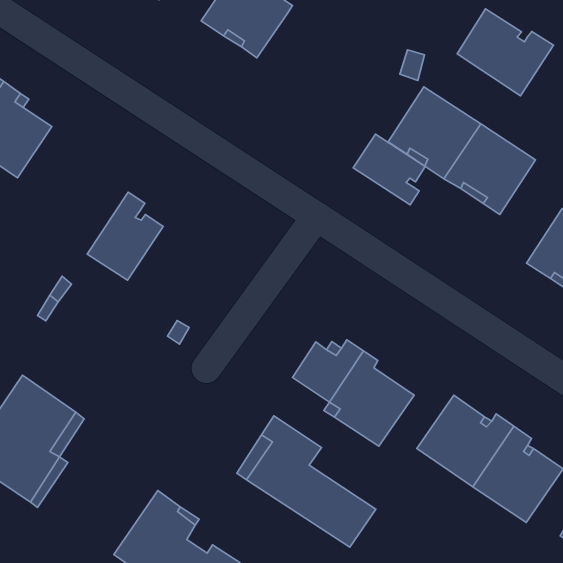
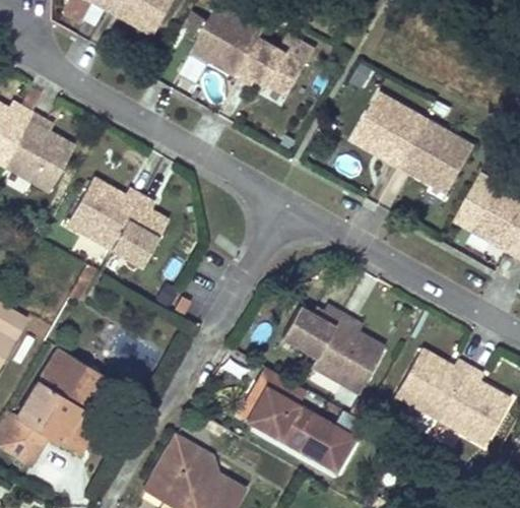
building: [457,9,553,96] -> none
building: none -> [236,39,302,94]
building: [353,134,425,205] -> none
building: none -> [69,178,137,246]

